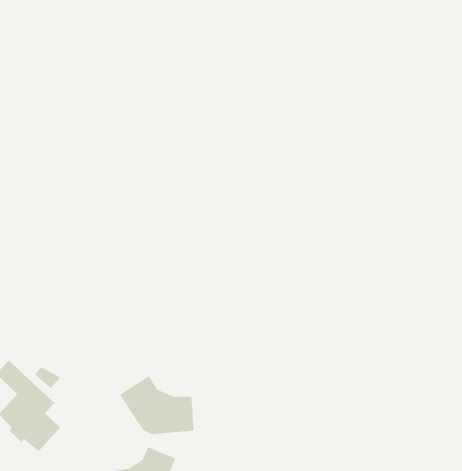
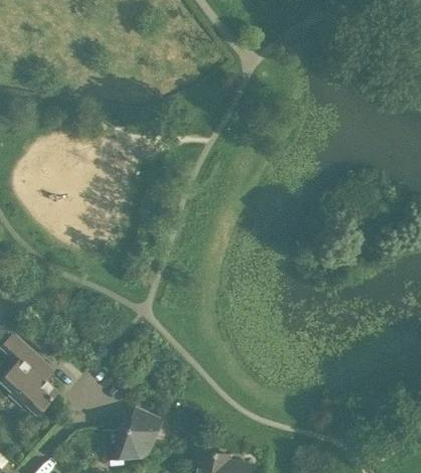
building: [119,375,194,435] -> none

